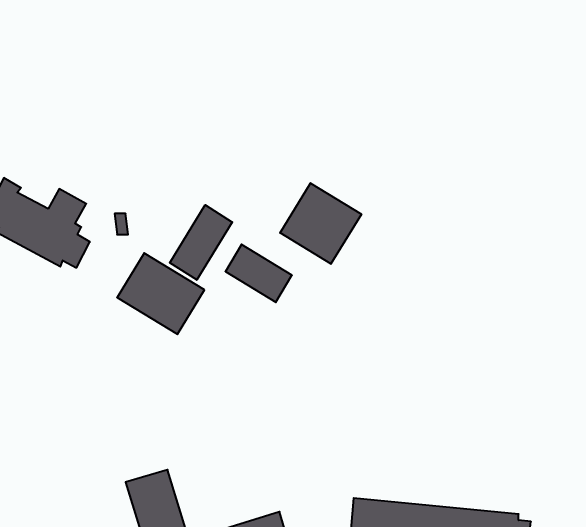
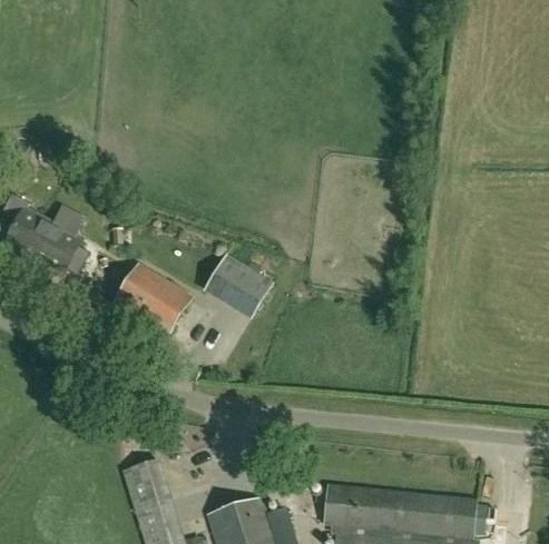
building: [280,183,361,264] -> none
building: [170,205,232,280] -> none

